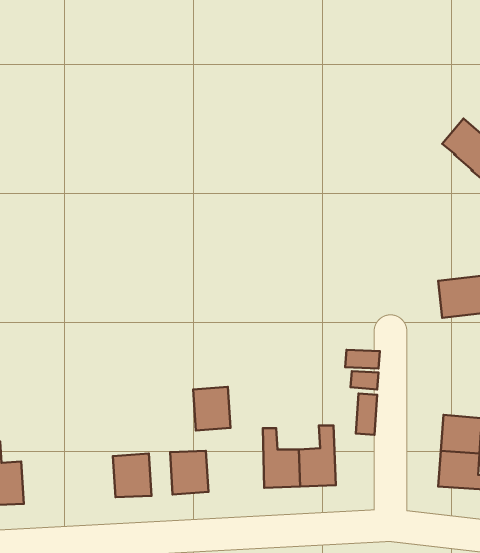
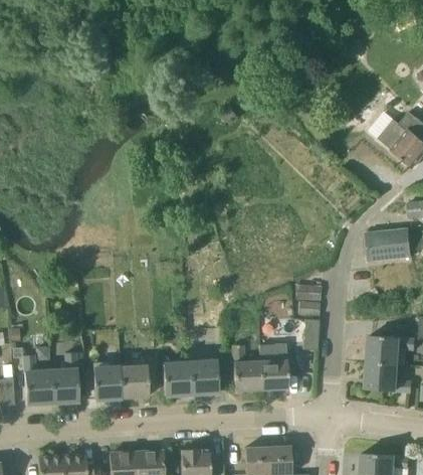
building: [193,387,230,431] -> [189,360,217,393]
building: none -> [49,352,77,403]
building: none -> [92,366,121,400]

